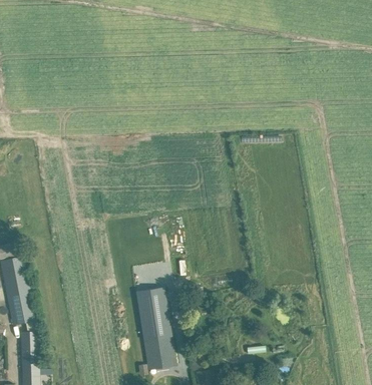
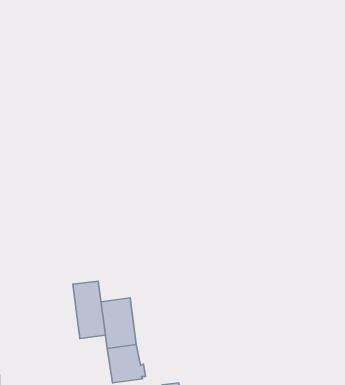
building: none -> [73,281,105,338]

